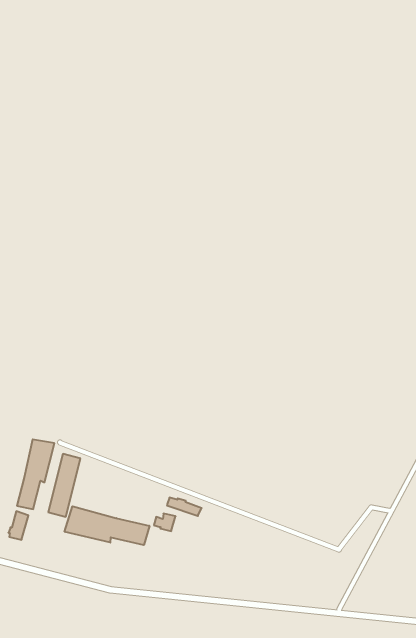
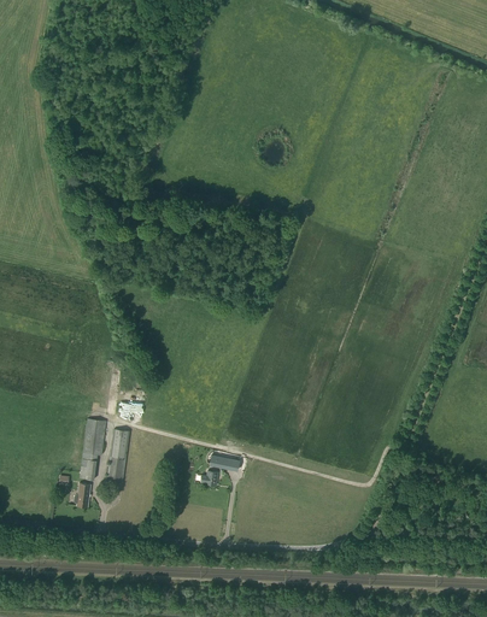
building: [65,506,149,545] -> none

